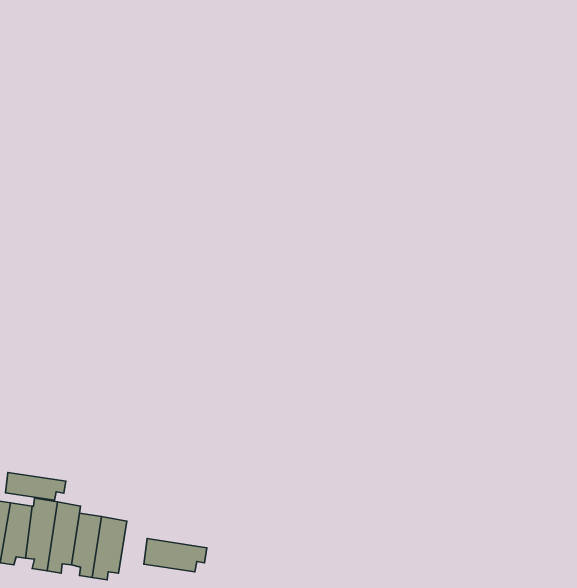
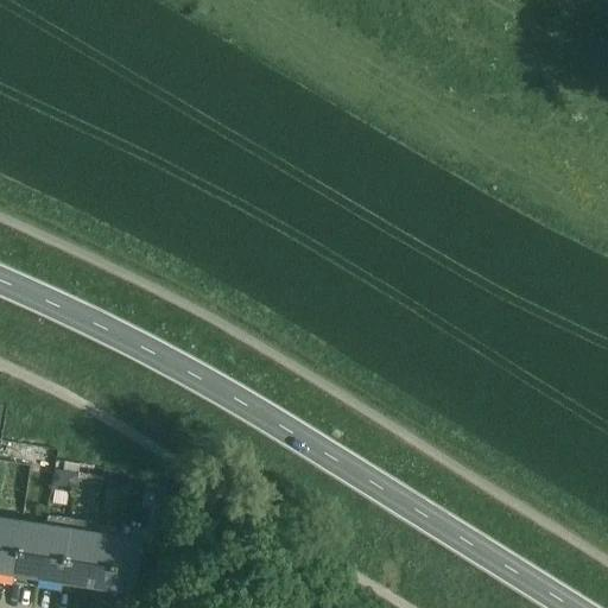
building: [5,472,66,500] -> none
building: [144,538,207,572] -> none

